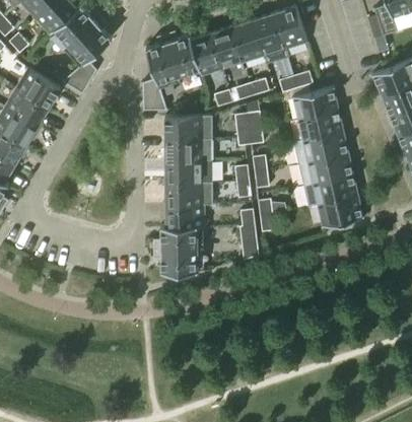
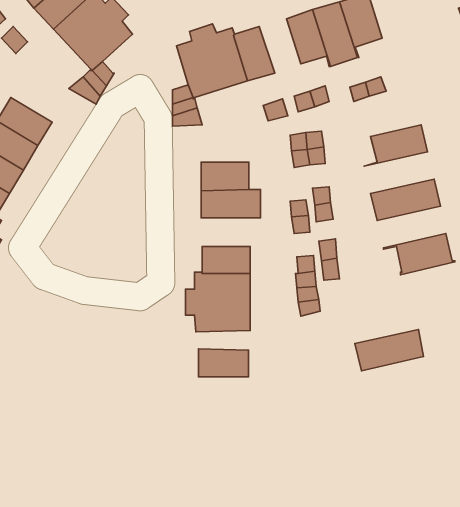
building: [211,26,244,69] -> none
building: [16,68,61,108] -> none
building: [291,87,338,119] -> none
building: [165,116,212,139] -> none
building: [293,131,348,163] -> none
building: [303,173,357,206] -> [355,329,424,371]
building: [165,183,212,205] -> none
building: none -> [198,349,248,377]

